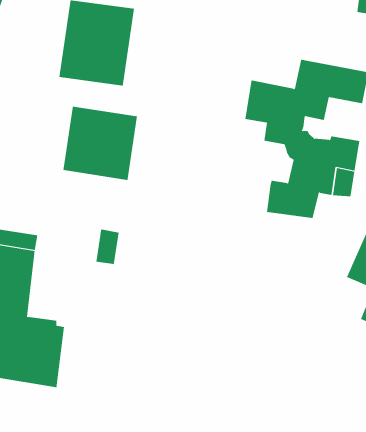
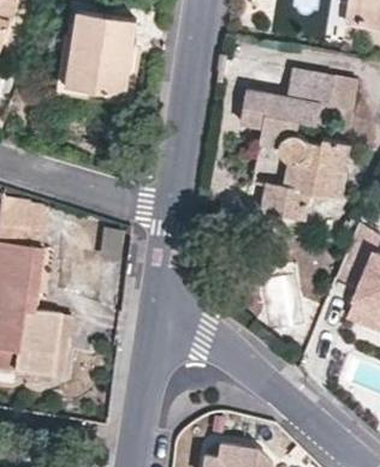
building: [63,106,137,181] -> none

